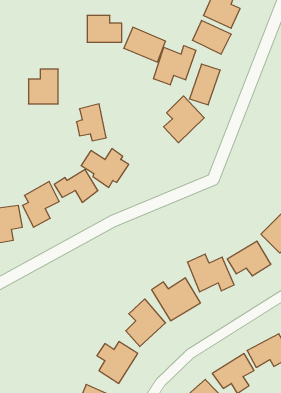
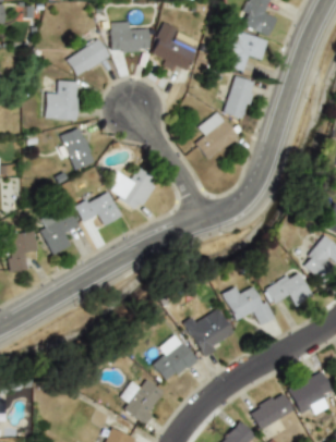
building: none -> [68,38,111,76]
building: [154,46,196,85] -> none
building: [76,104,106,141] -> [60,126,93,167]

